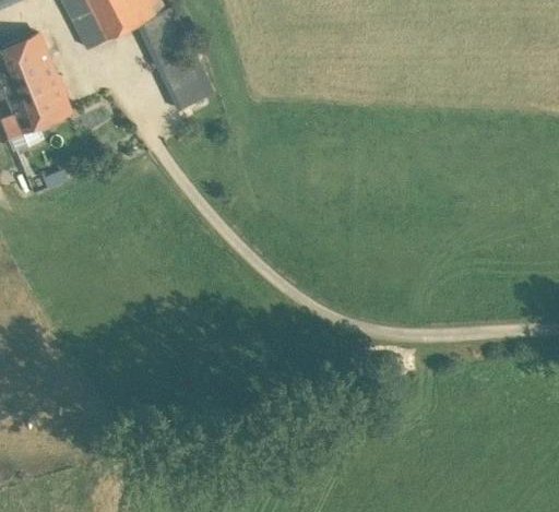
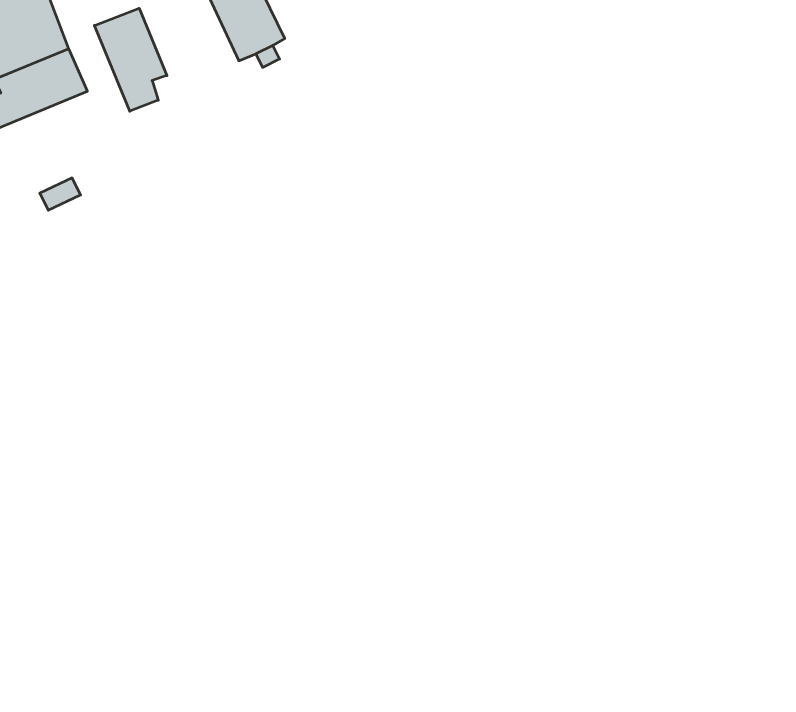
building: none -> [94,8,167,111]

